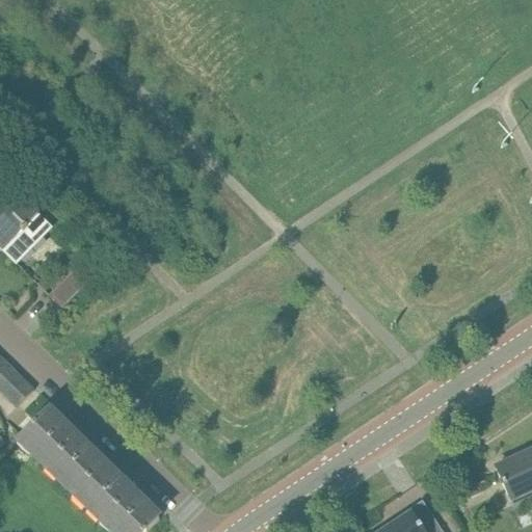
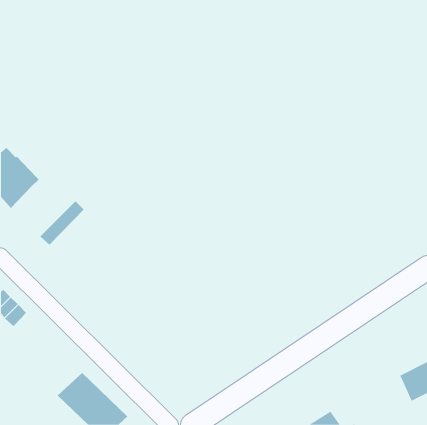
building: [20,408,103,490] -> none

